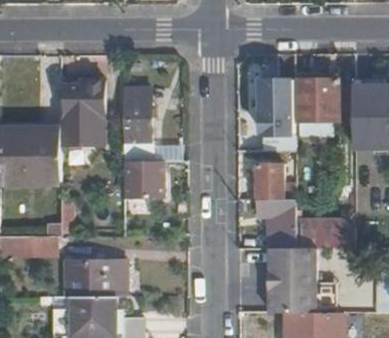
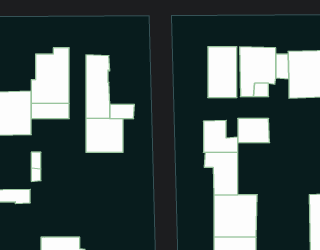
building: [317,219,353,246] -> [238,119,270,143]
building: [72,260,124,295] -> none

